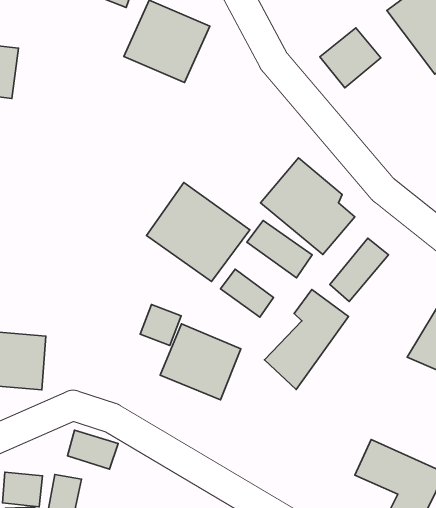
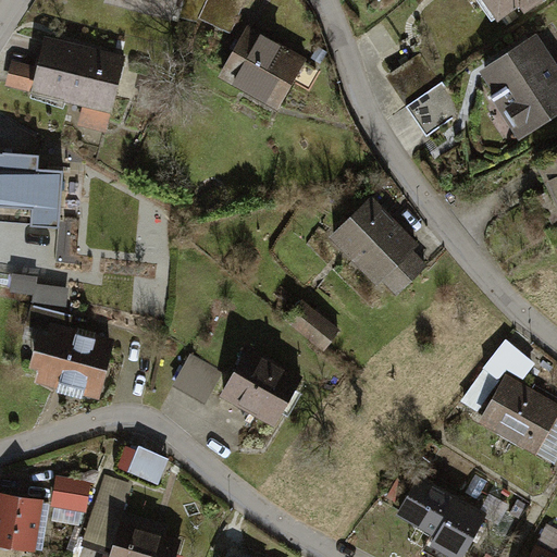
building: [146,182,250,282] -> none
building: [247,220,312,278] -> none
building: [330,238,389,302] -> none
building: [264,289,348,389] -> none
building: [140,305,181,346] -> [177,358,219,399]

